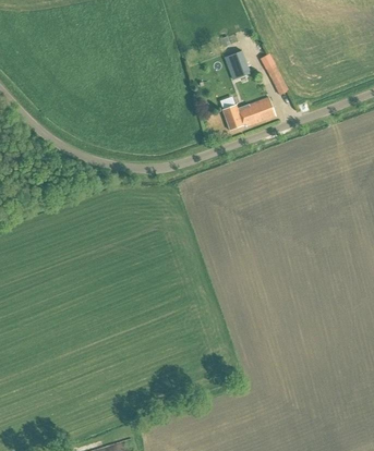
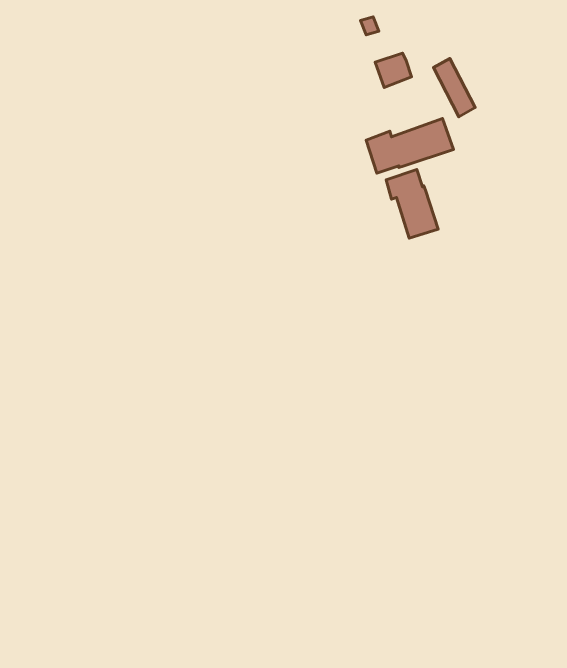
building: none -> [386,170,438,238]

